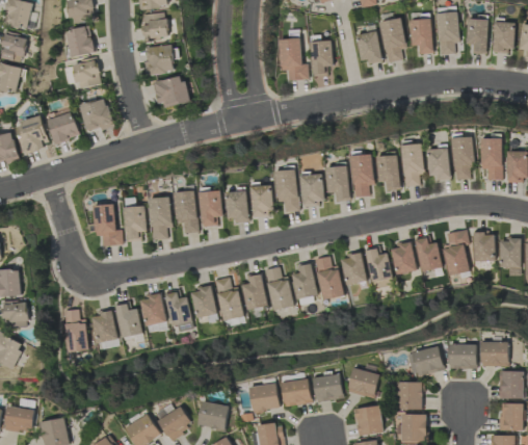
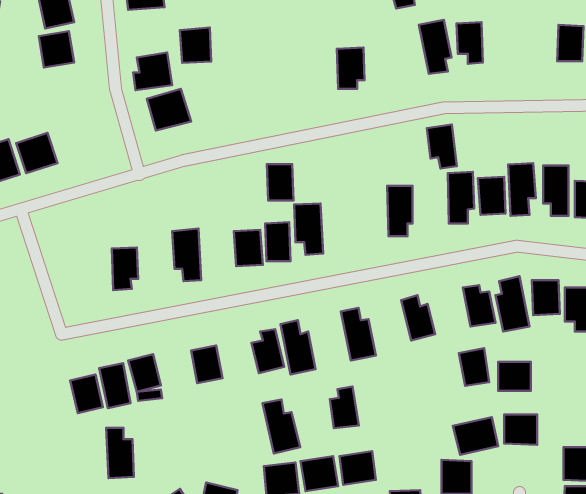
building: [141,12,167,42] -> [180,28,211,63]
building: [435,12,458,55] -> none
building: [466,19,487,54] -> none
building: [357,32,380,63] -> none
building: [279,38,308,81] -> none
building: [71,60,101,89] -> none
building: [78,98,113,131] -> none
building: [376,155,401,191] -> [427,125,457,169]
building: [326,164,349,202] -> none
building: [301,175,323,205] -> [267,164,293,200]
building: [201,191,222,227] -> none
building: [151,198,171,240] -> none
building: [94,205,123,246] -> none
building: [390,243,415,274] -> [459,348,489,386]
building: [341,255,365,285] -> none
building: [292,264,316,298] -> [330,387,359,428]
building: [213,277,244,321] -> [262,400,300,454]
building: [164,289,192,331] -> none
building: [63,310,86,351] -> [106,428,134,478]
building: [481,342,508,366] -> [498,362,531,391]
building: [347,369,379,398] -> none

